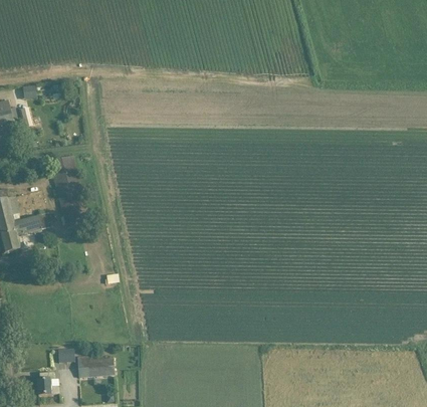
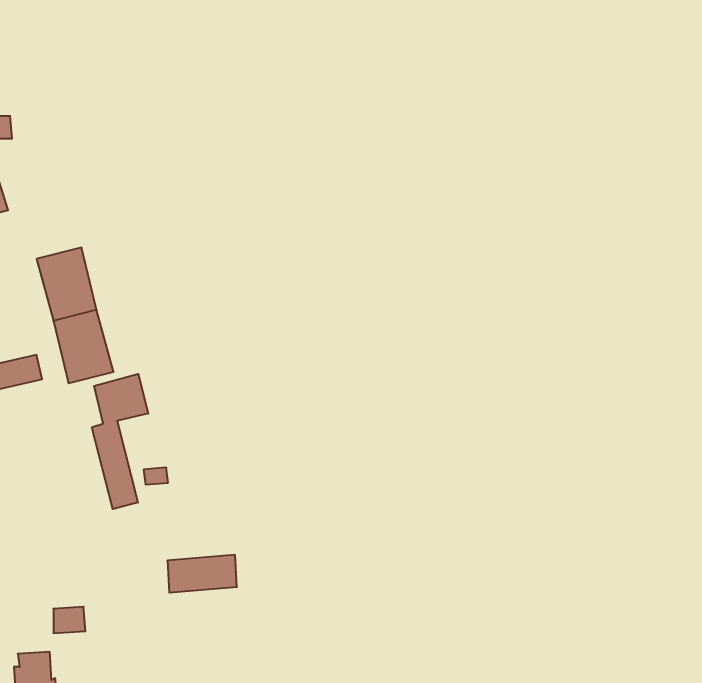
building: none -> [92,374,148,509]
building: [77,357,115,377] -> [167,555,237,593]

